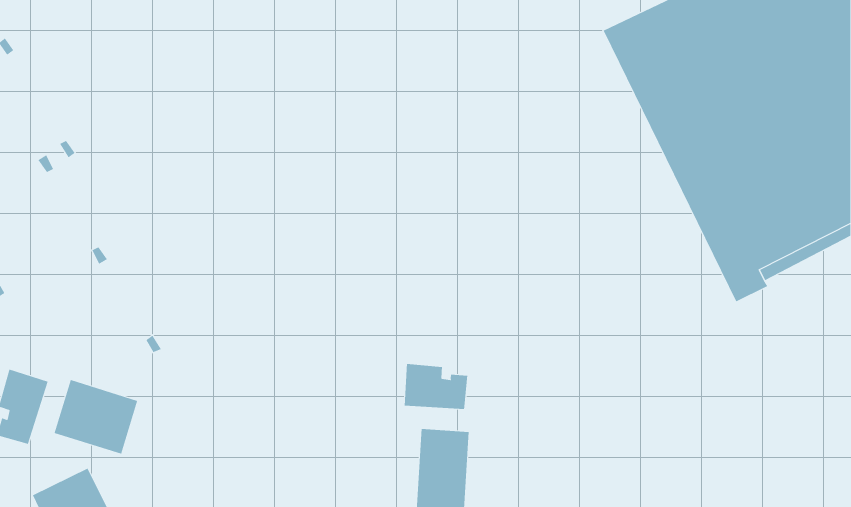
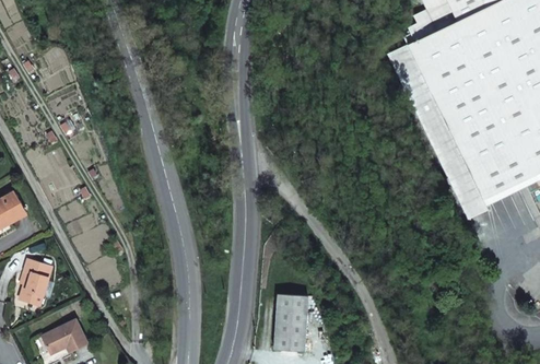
building: [404,363,468,410] -> none
building: [54,379,138,455] -> none

